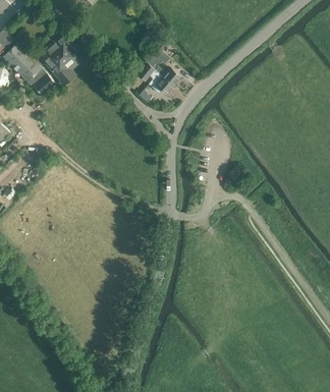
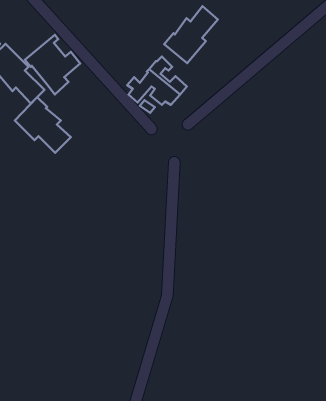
building: none -> [164,6,218,63]
building: none -> [15,97,71,153]

